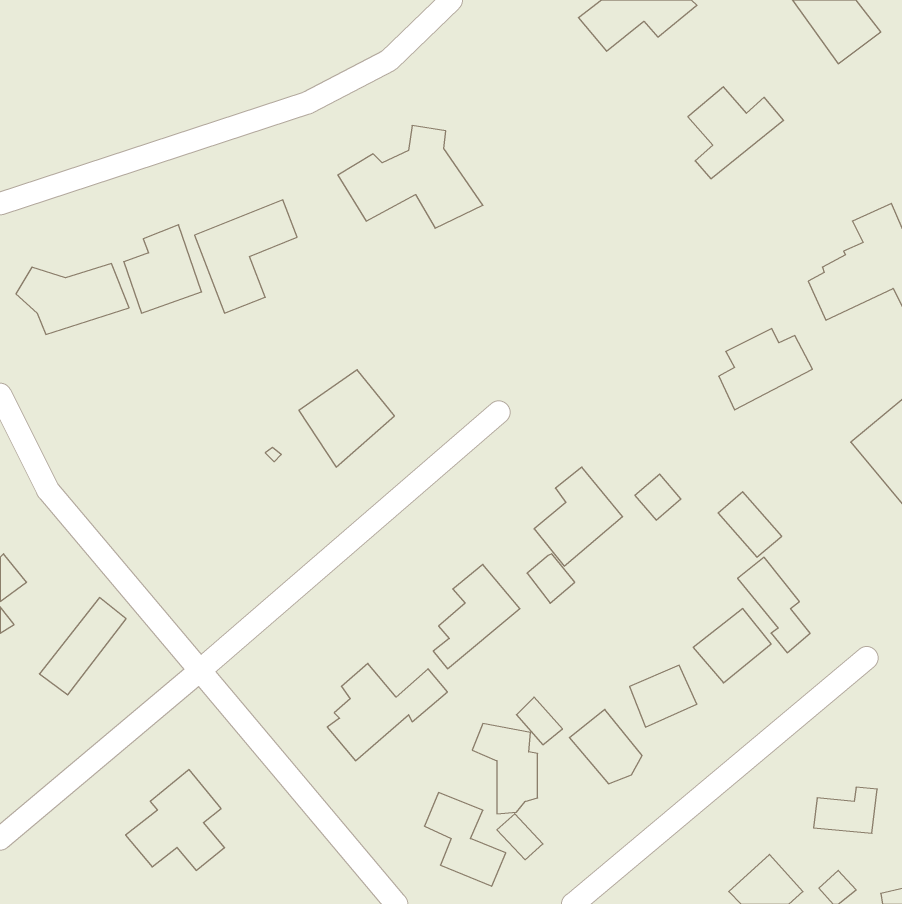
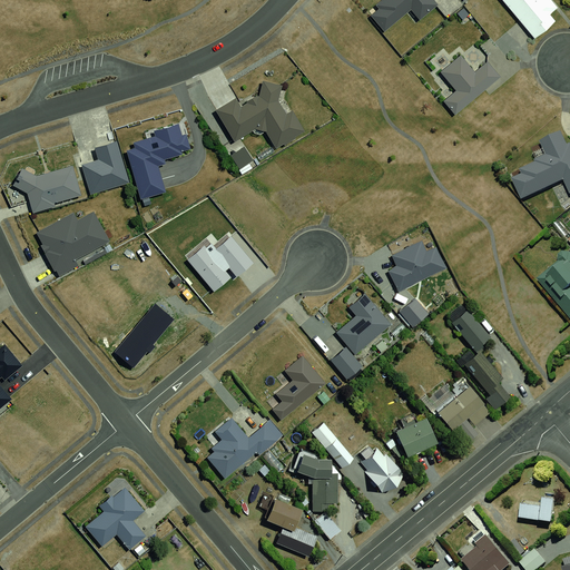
building: none -> [33,206,105,274]
building: [719,329,812,410] -> [390,242,449,293]
building: [39,598,126,695] -> [116,304,170,365]

